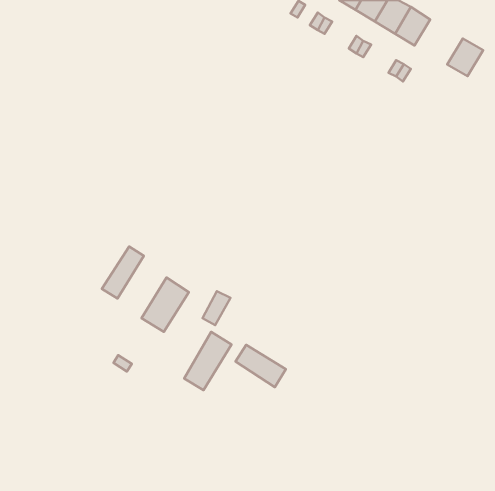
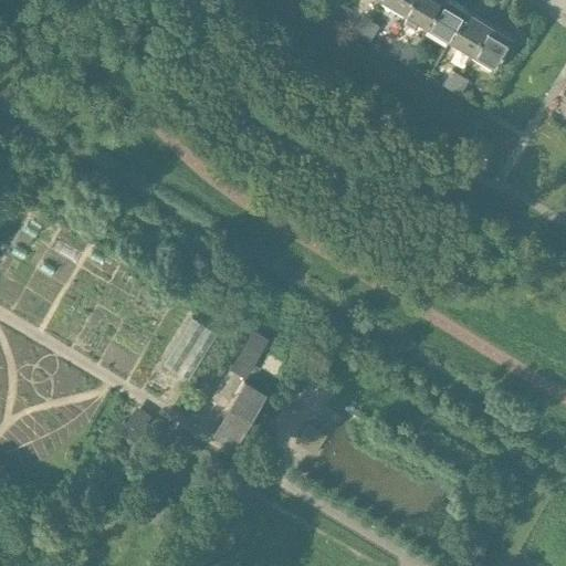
building: [447,38,483,76] -> [473,28,514,71]
building: [102,246,144,299] -> none
building: [236,345,286,387] -> none

